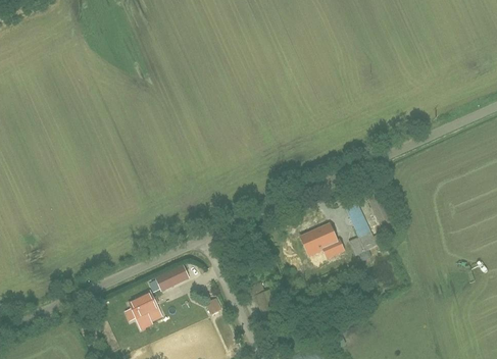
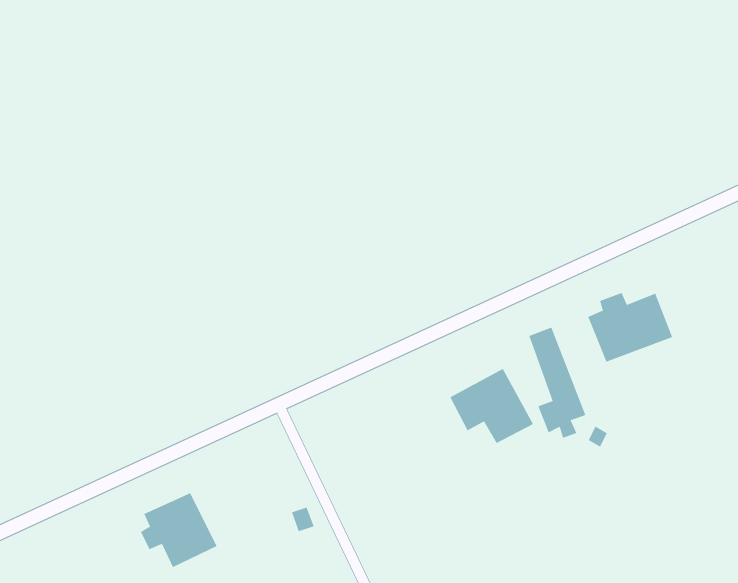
building: none -> [587,292,673,362]
building: [154,266,187,292] -> none

